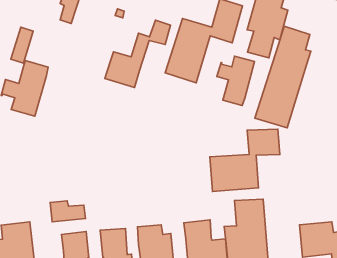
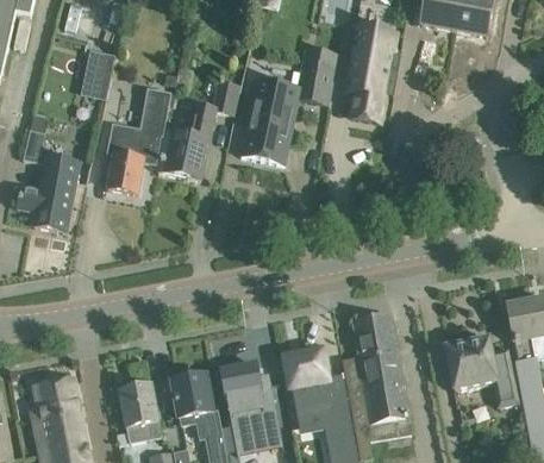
building: none -> [105,88,169,193]
building: [255,26,311,128] -> none
building: [217,56,255,105] -> none
building: [210,129,280,191] -> none
building: [50,201,85,222] -> none

